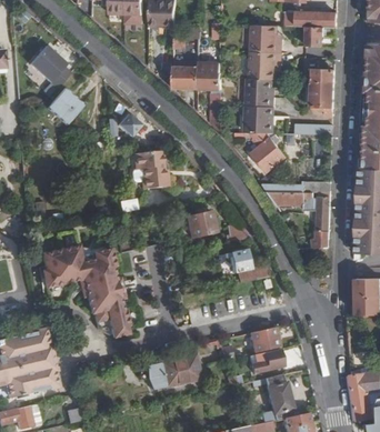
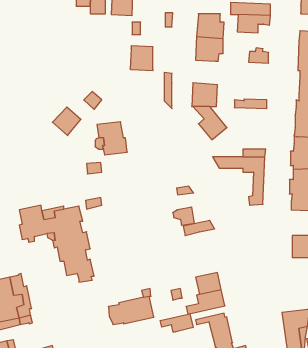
building: [26,47,70,89] -> none
building: [197,62,219,90] -> none
building: [243,77,273,107] -> none
building: [308,80,332,114] -> none
building: [44,90,78,123] -> [52,107,81,136]
building: [182,209,212,239] -> none
building: none -> [160,314,193,332]

